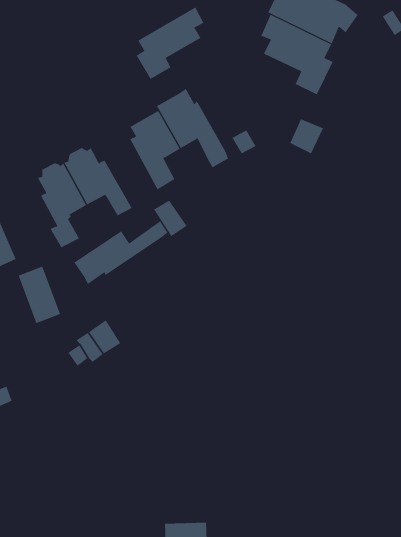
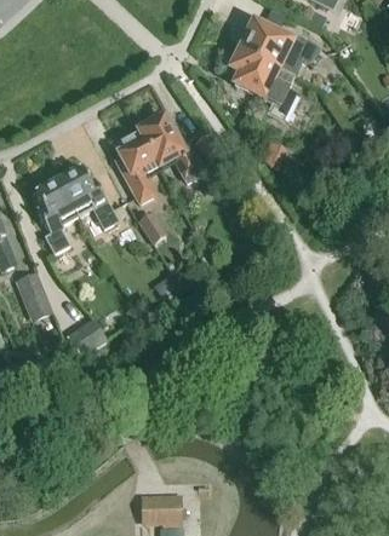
building: [136,7,204,80] -> none
building: [73,221,168,285] -> none

